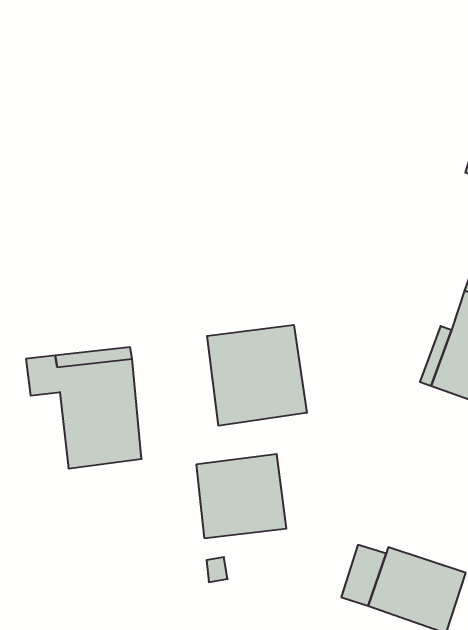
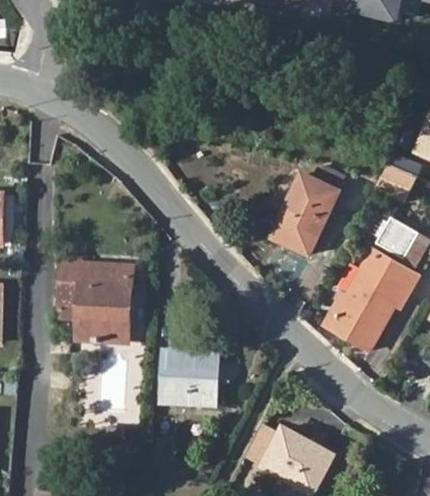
building: none -> [273,166,343,254]
building: [207,325,307,426] -> none

